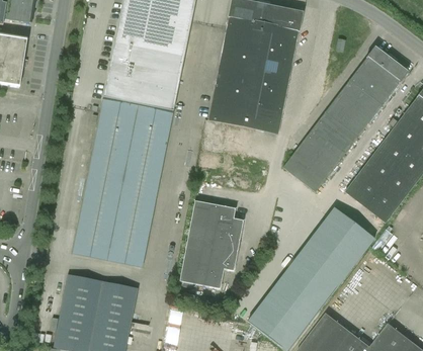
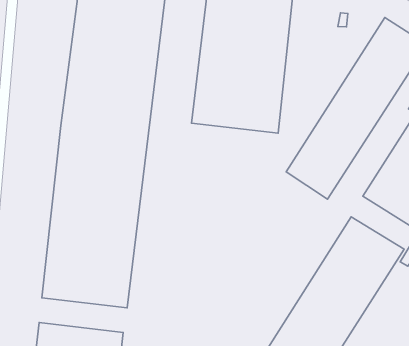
building: [179,200,243,288] -> none

